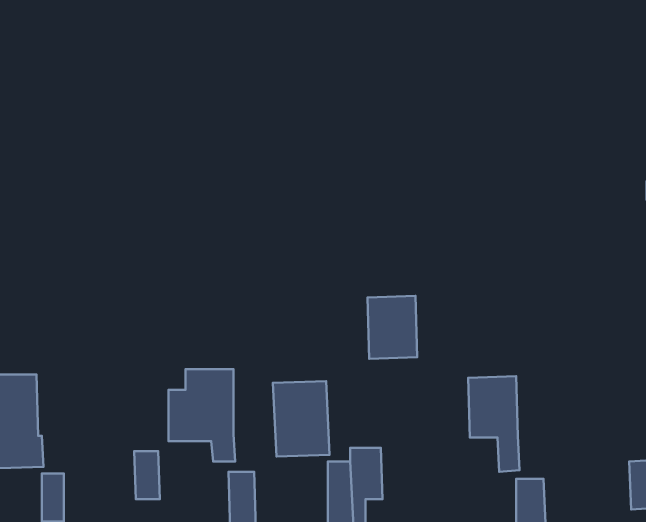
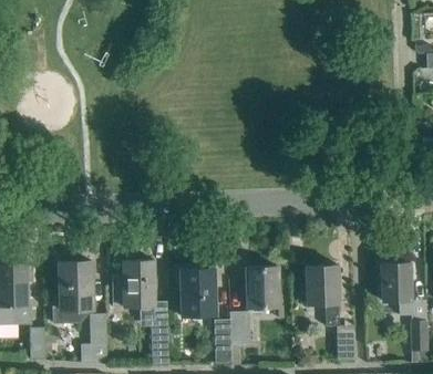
building: [368,296,417,359] -> [246,267,278,308]
building: none -> [52,261,93,323]
building: none -> [380,262,411,315]

